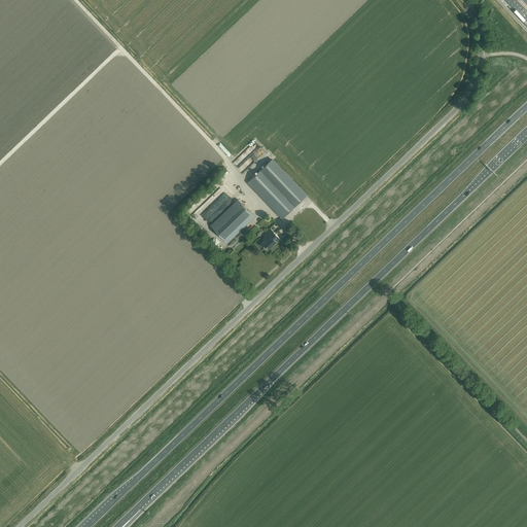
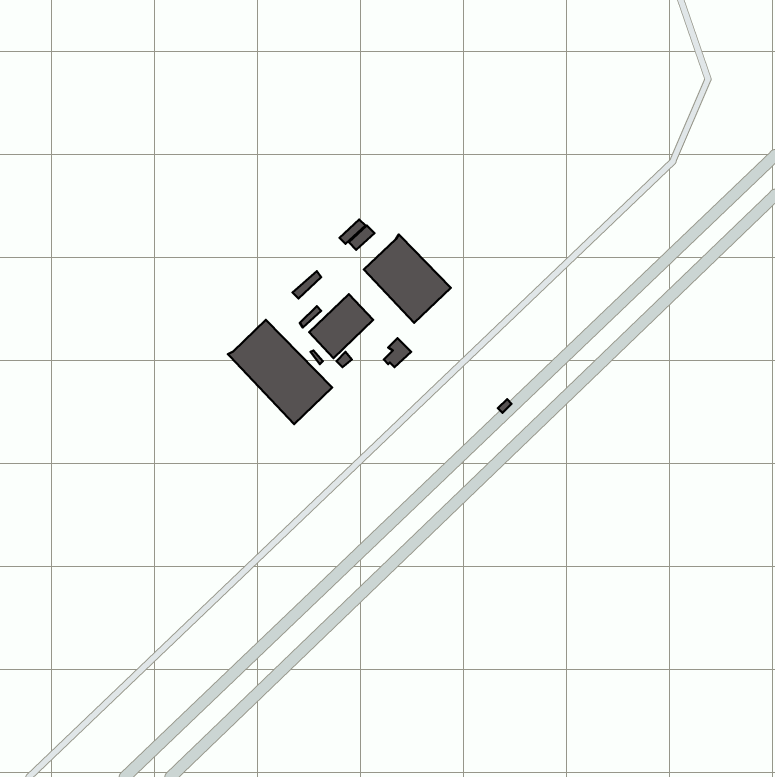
building: none -> [228,320,332,424]

